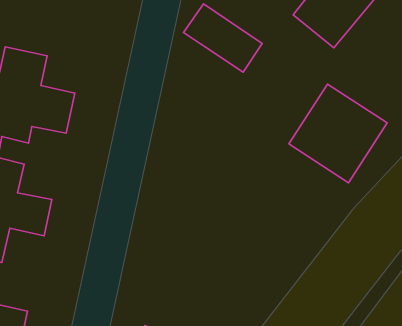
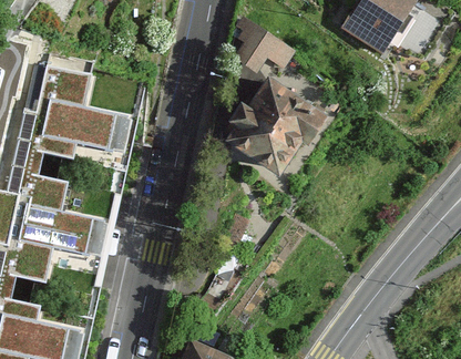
building: [289,84,387,183] -> [228,78,327,176]

